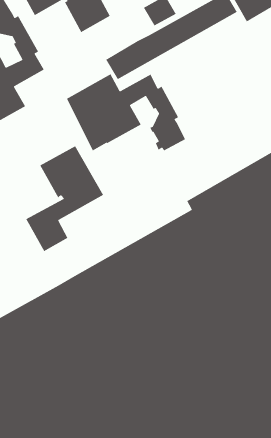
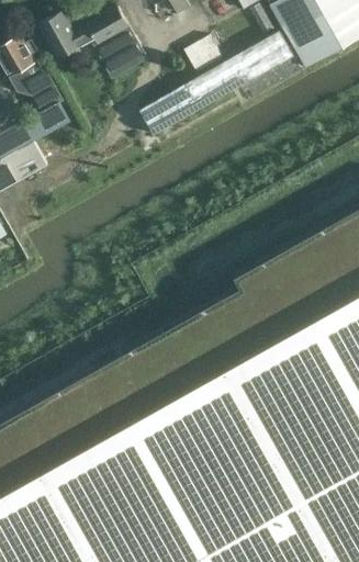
building: [66,73,186,152] -> none
building: [25,145,104,252] -> none

